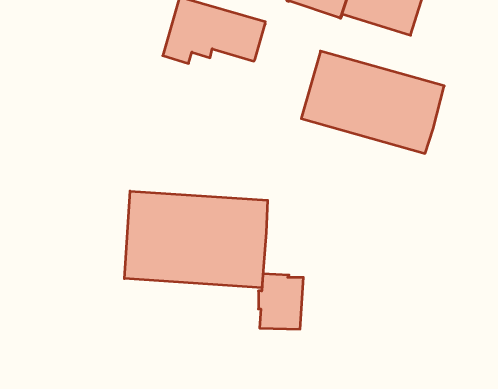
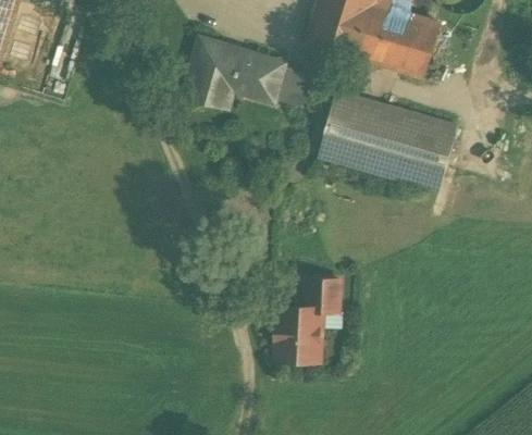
building: none -> [273,65,314,109]
building: [124,191,268,288] -> none
building: none -> [305,278,339,311]

